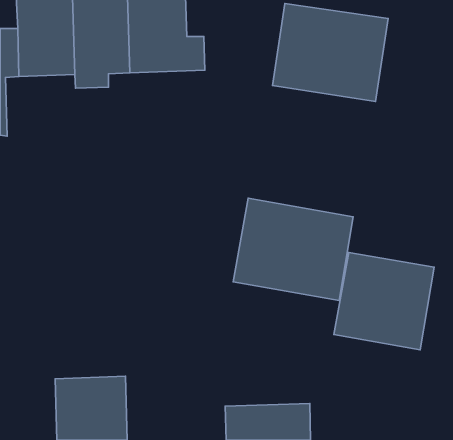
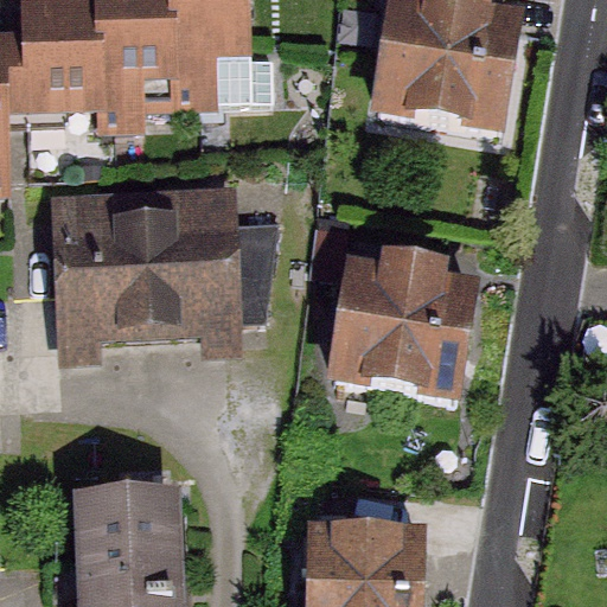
building: none -> [76,198,257,341]
building: [334,252,434,350] -> none

